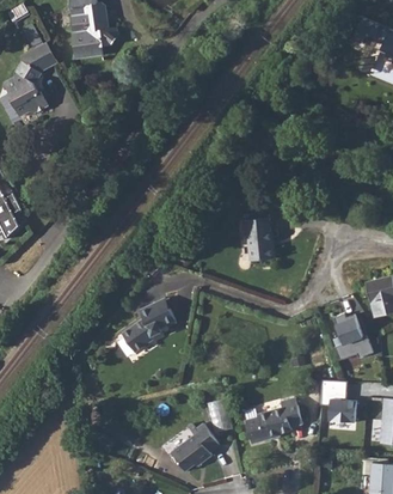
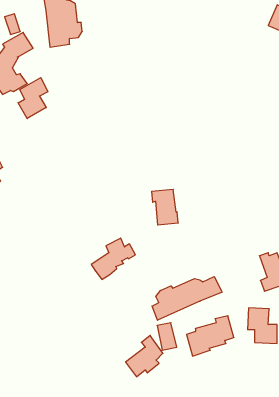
building: none -> [18,78,48,119]
building: [241,220,274,263] -> [152,189,178,225]
building: none -> [152,277,222,320]

